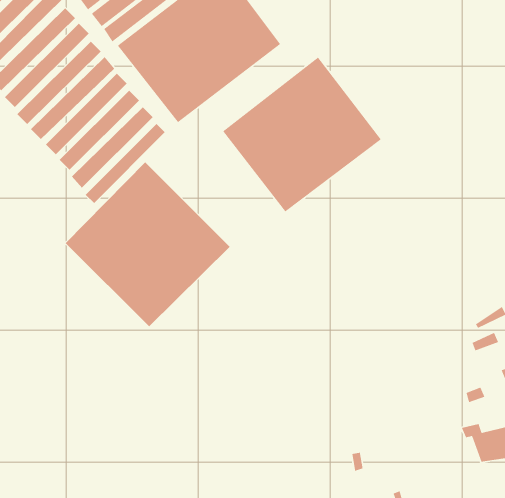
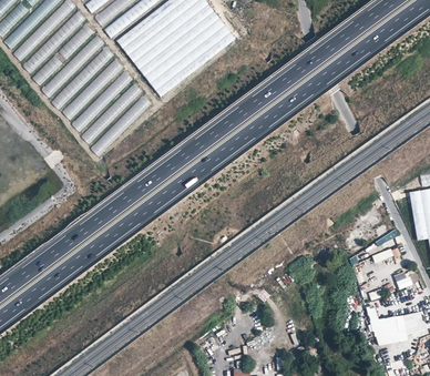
building: [222,57,382,213] -> none
building: [65,162,231,327] -> none

